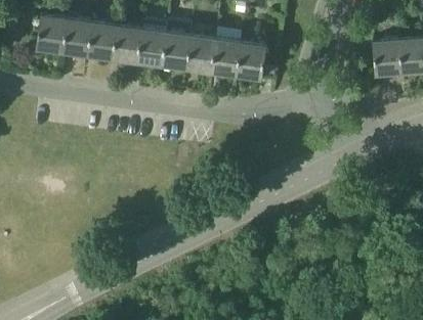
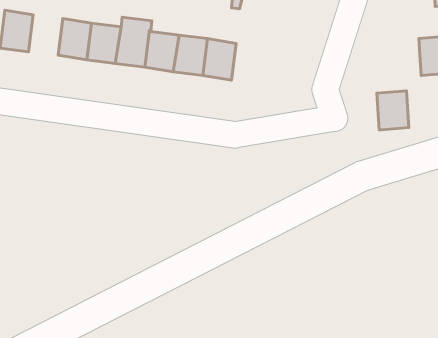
building: [62,18,92,53] -> none
building: [374,39,401,73] -> [377,91,409,130]
building: [238,43,267,78] -> none

